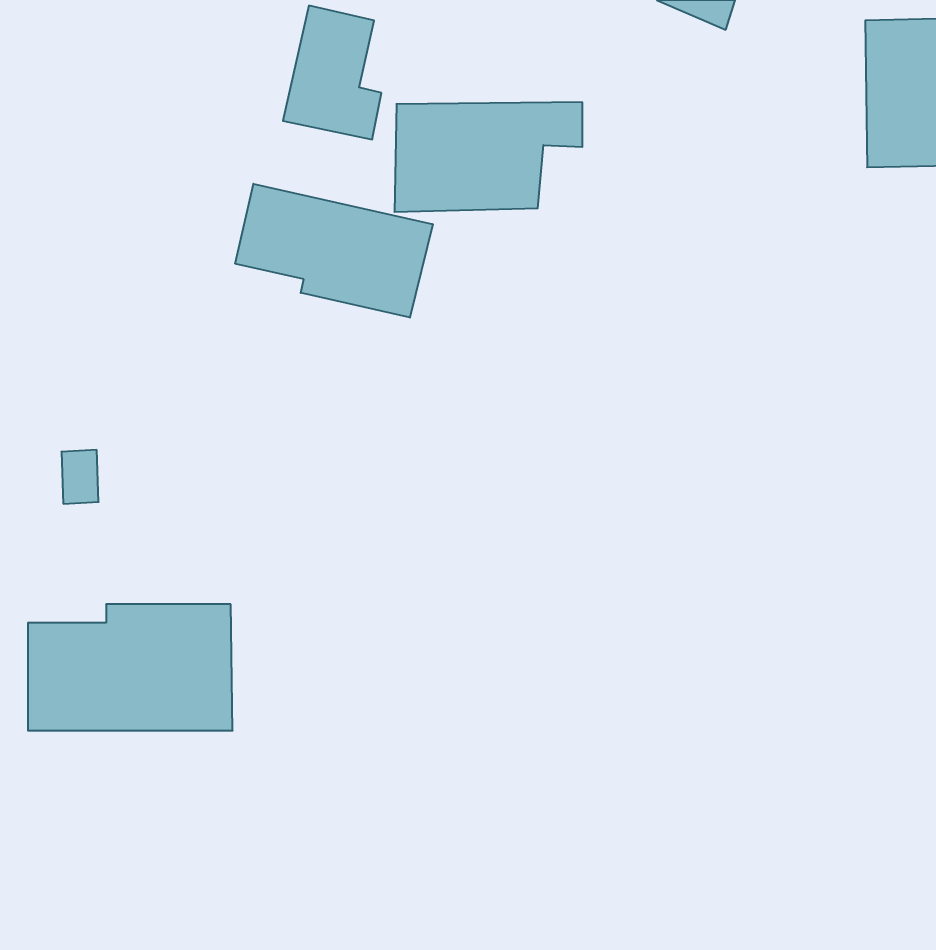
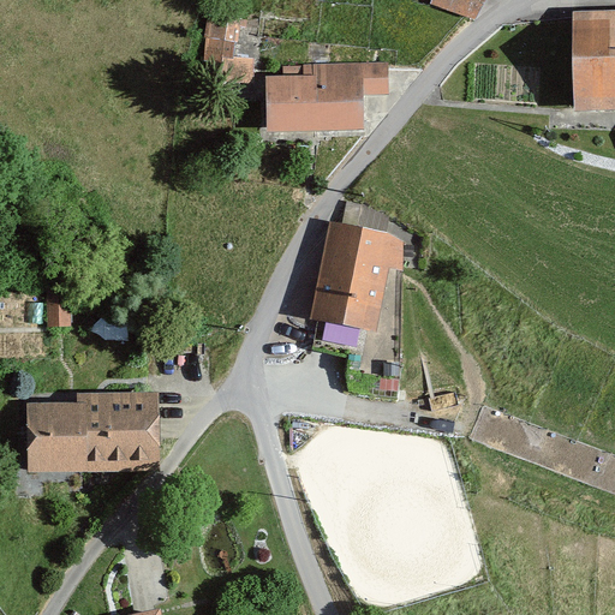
building: [235,184,433,318] -> none
building: none -> [311,216,404,333]

